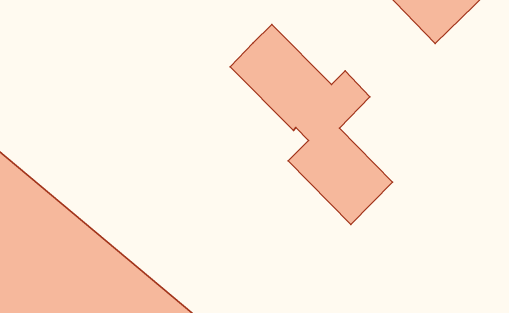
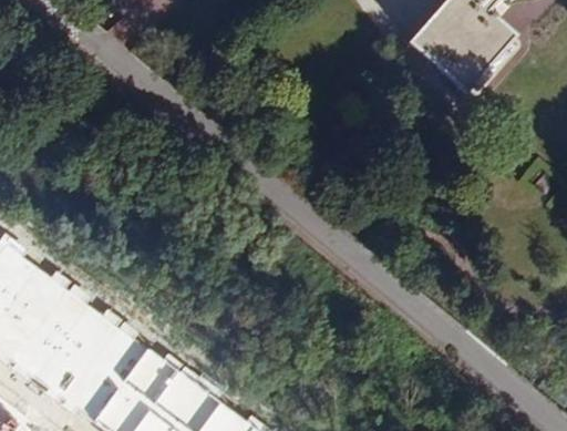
building: [230,24,393,224] -> none

